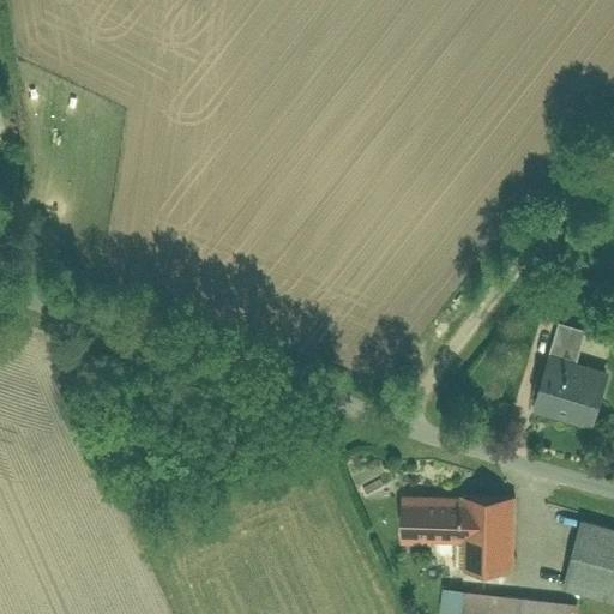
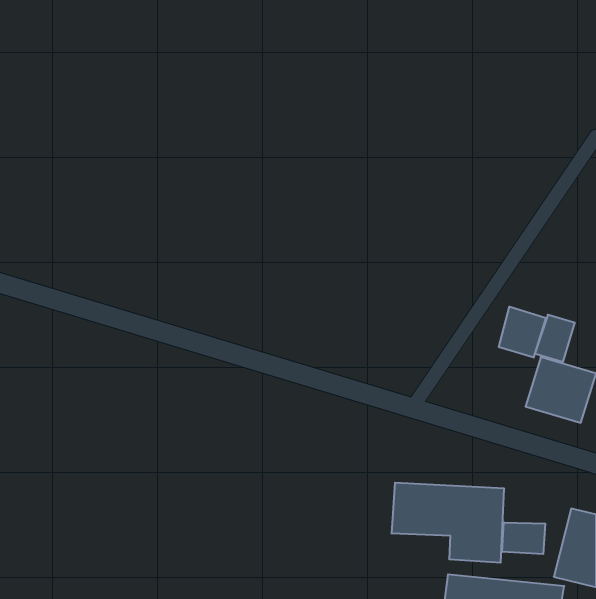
building: none -> [499,307,546,358]
building: none -> [502,522,545,554]

